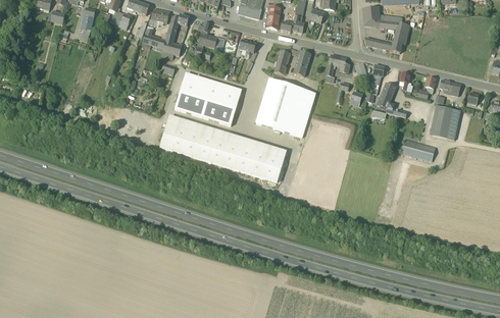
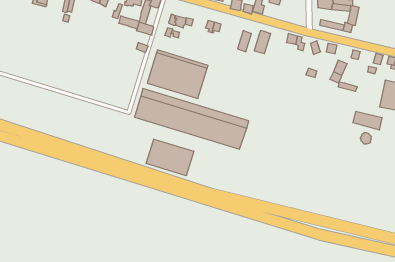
building: [256,79,315,138] -> none
building: none -> [146,139,194,176]

